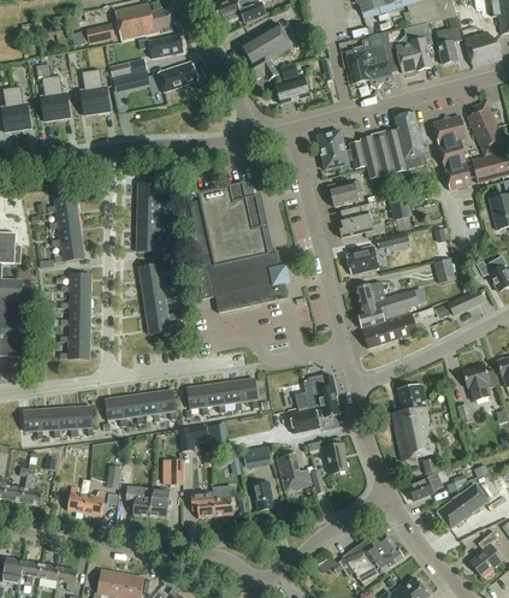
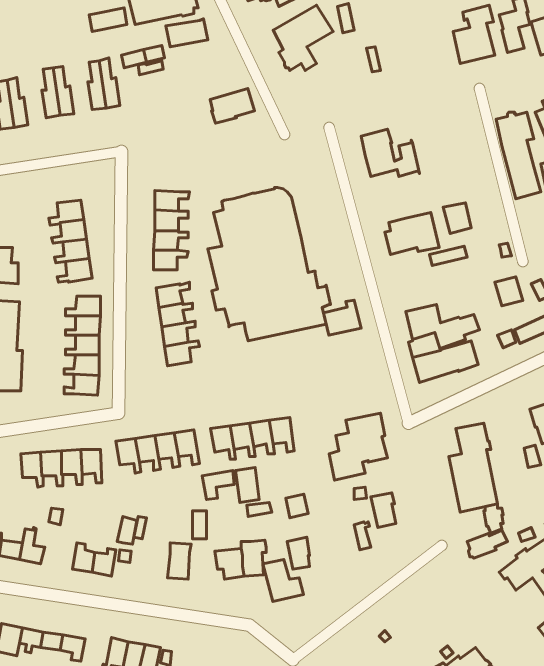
building: [344,30,395,85] -> none
building: [159,60,197,90] -> [210,88,255,123]
building: [274,63,309,102] -> none
building: [360,111,426,177] -> none
building: [327,180,362,206] -> none
building: [347,243,379,273] -> [323,300,361,335]
building: [276,454,310,490] -> [263,560,303,601]
building: [125,485,152,516] -> none
building: [342,533,403,585] -> none

